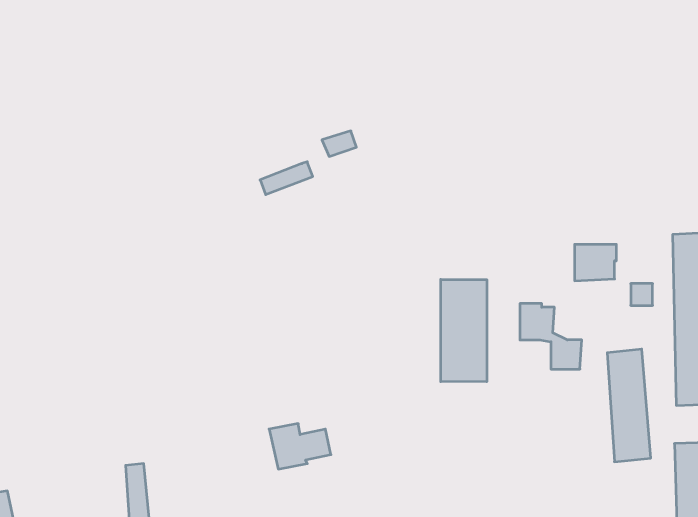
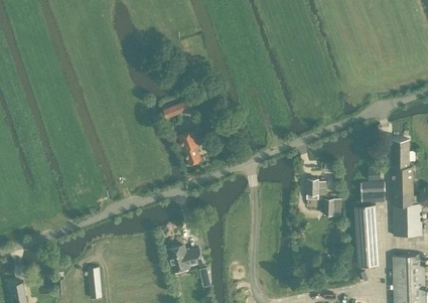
building: none -> [177,130,200,164]
building: [575,244,616,281] -> [361,183,384,203]
building: [441,279,487,382] -> none

